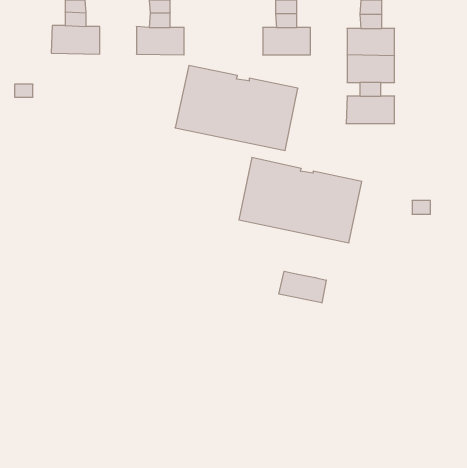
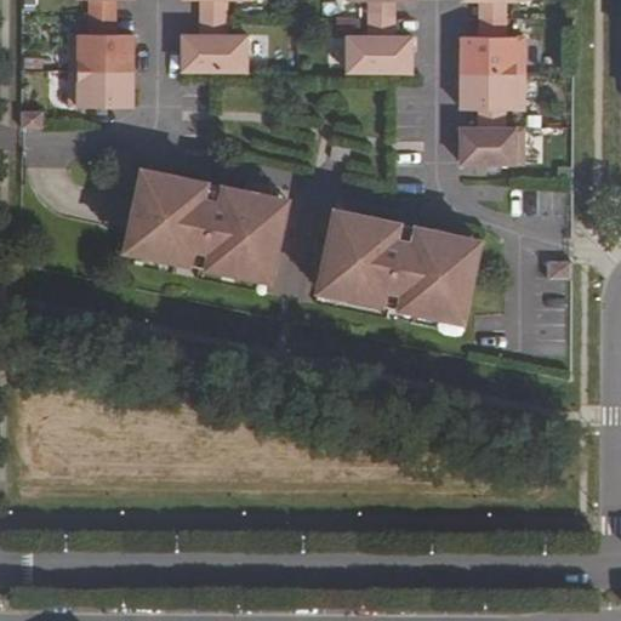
building: none -> [68,70,132,108]
building: [175,65,298,151] -> [124,169,286,281]
building: [279,271,326,303] -> none

